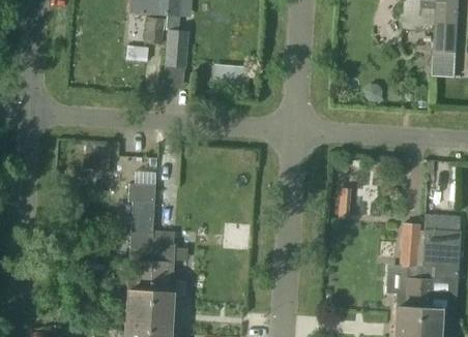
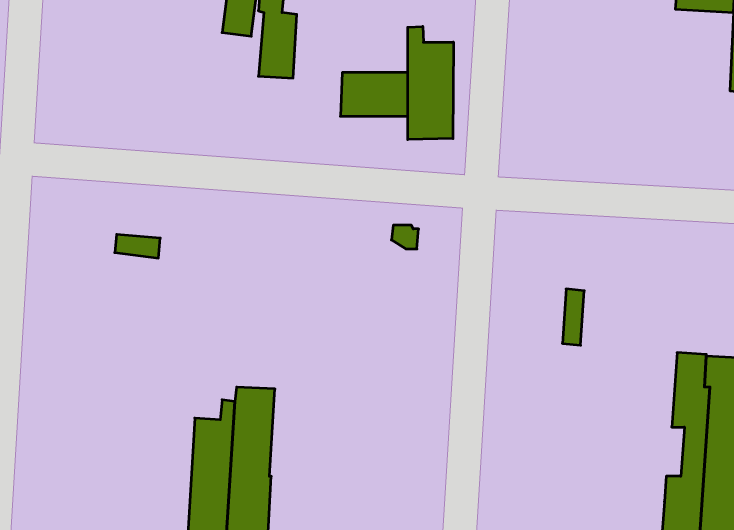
building: none -> [408,26,453,140]
building: [128,182,156,262] -> none

